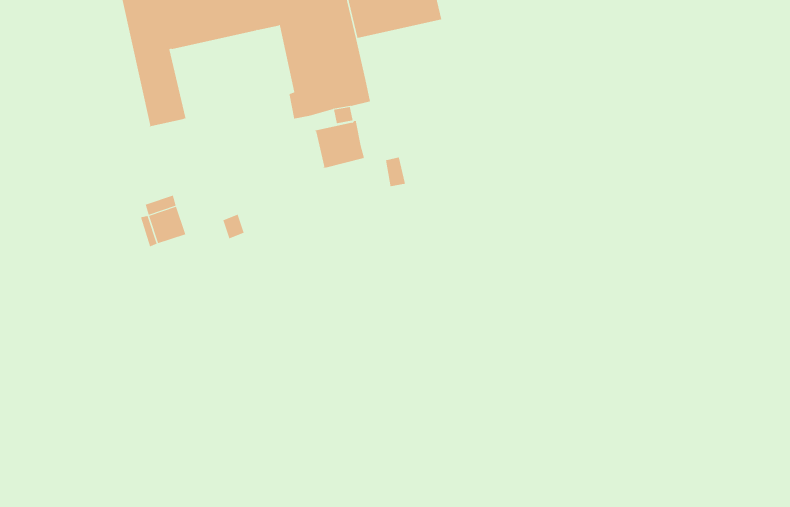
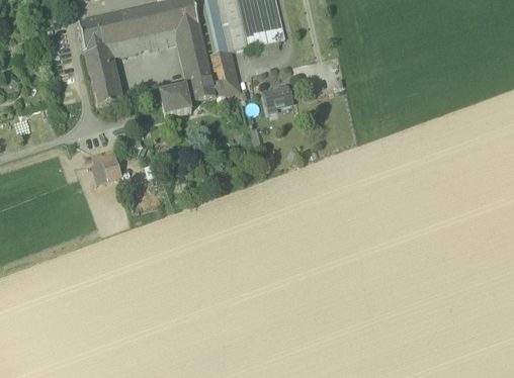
building: none -> [263,85,291,111]
building: [314,121,365,168] -> [158,84,190,114]

